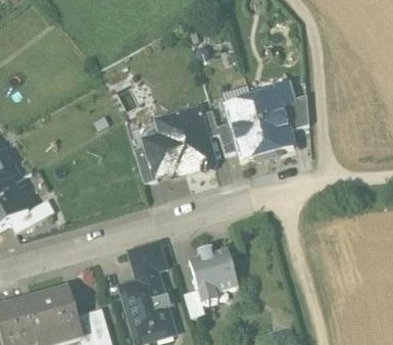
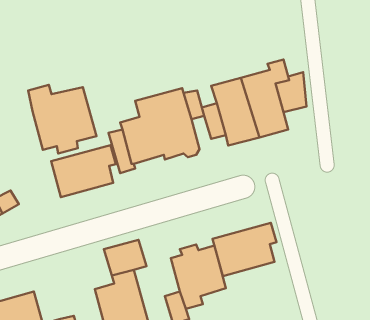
building: none -> [28,85,96,153]
building: none -> [51,145,116,197]
building: none -> [213,223,276,276]

